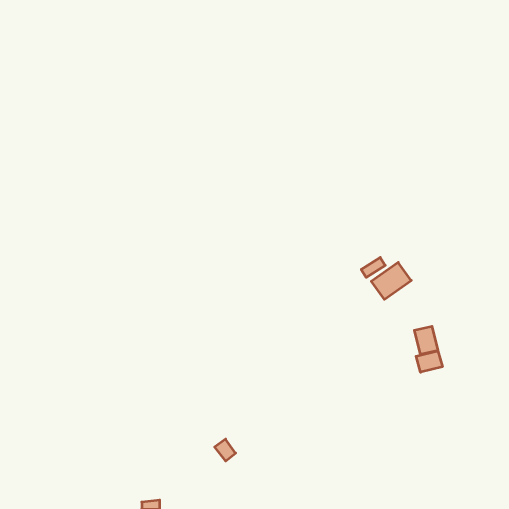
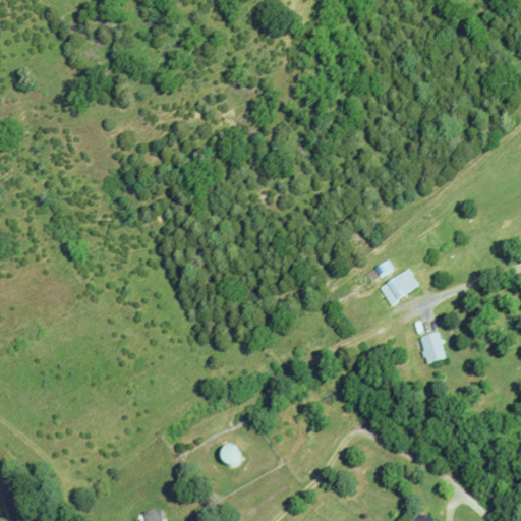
building: [416,351,442,372] -> none

